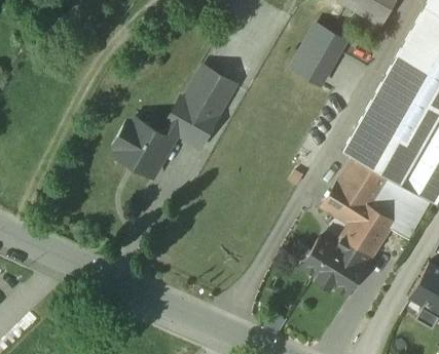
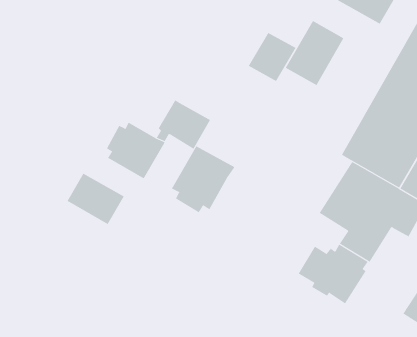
building: [186,69,233,117] -> [248,32,296,82]
building: none -> [171,145,235,213]
building: none -> [67,173,124,225]

